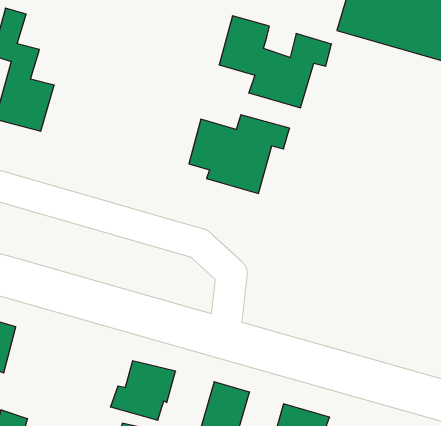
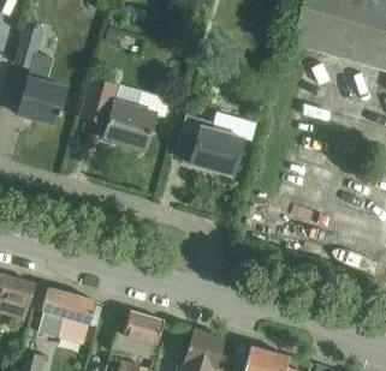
building: [219,16,332,108] -> [78,76,170,150]
building: none -> [37,287,95,337]

